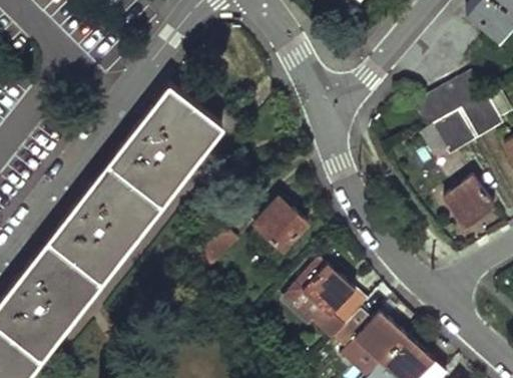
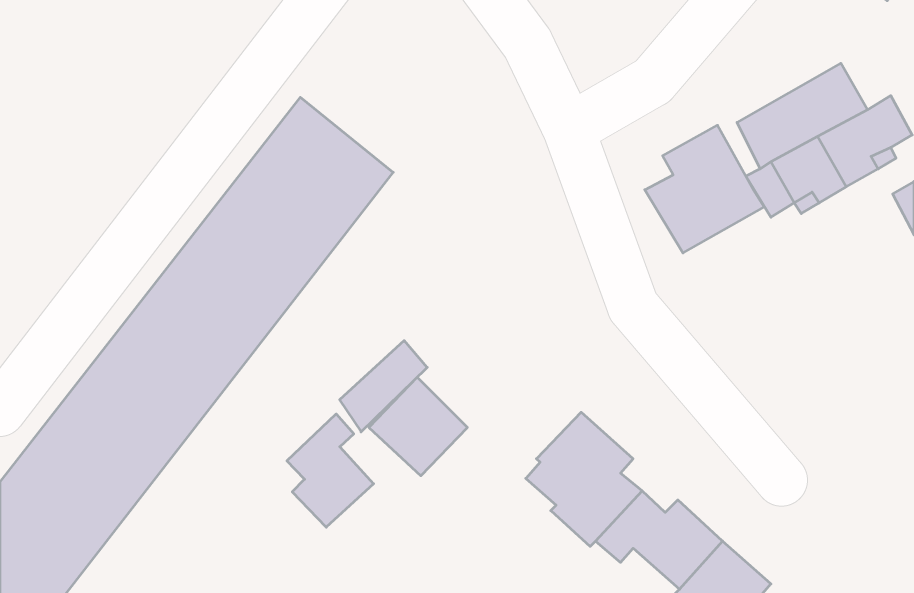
building: none -> [645,125,764,253]
building: [441,174,494,228] -> none
building: [253,198,309,253] -> [369,377,467,476]
building: none -> [287,414,374,527]

